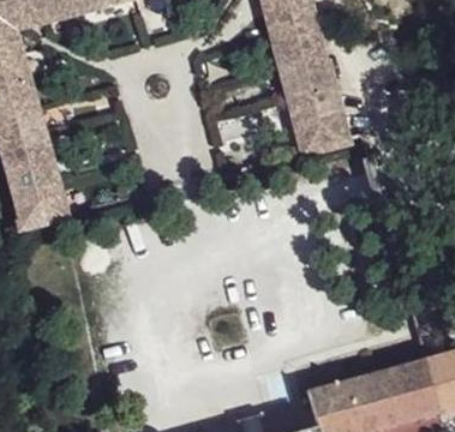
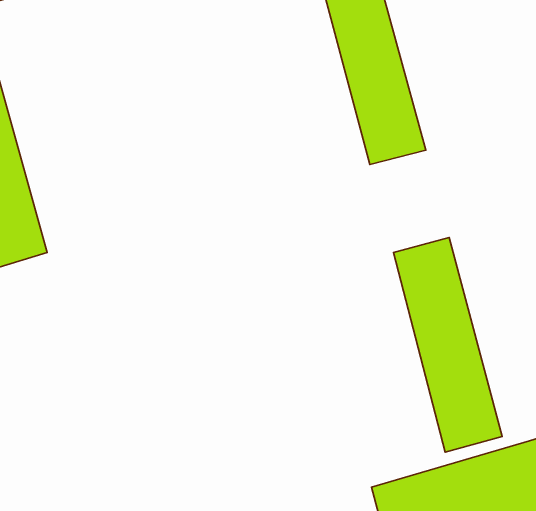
building: none -> [394,238,502,452]

